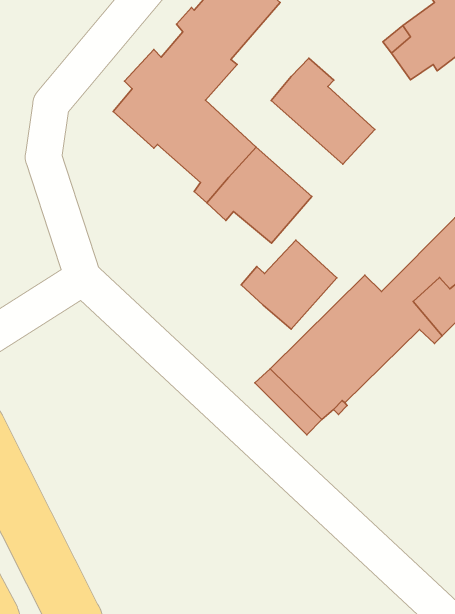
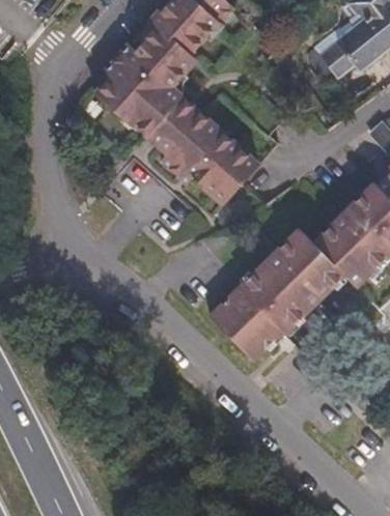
building: [271,58,375,164] -> none
building: [241,240,337,329] -> none

